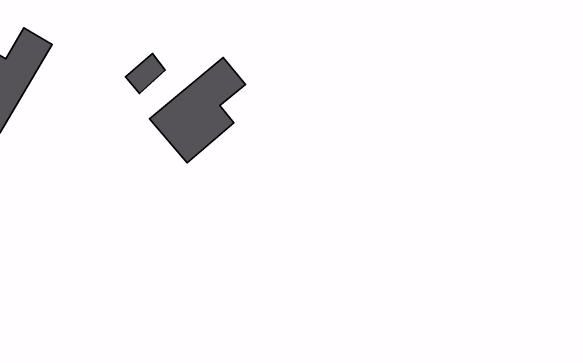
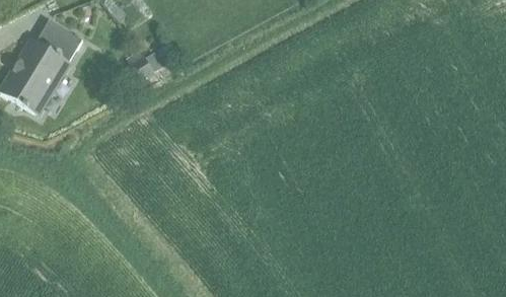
building: [150,58,246,163] -> none

